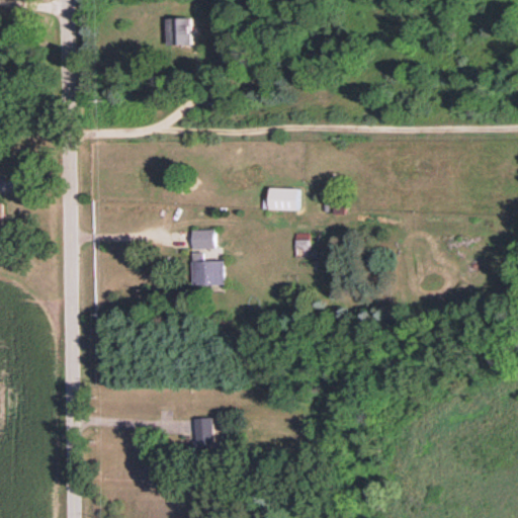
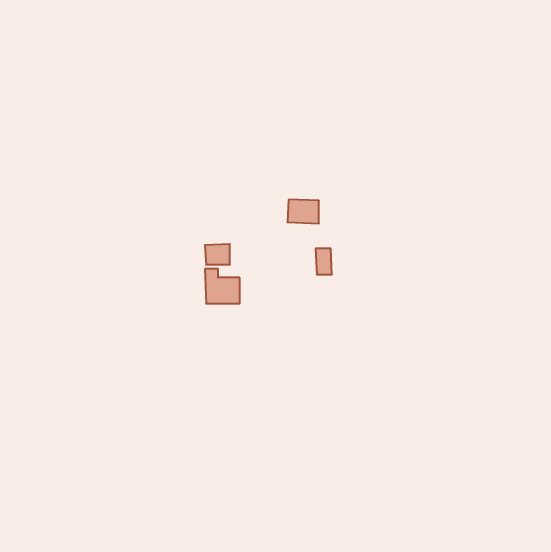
building: [164,18,189,46] -> none
building: [195,418,214,453] -> none

